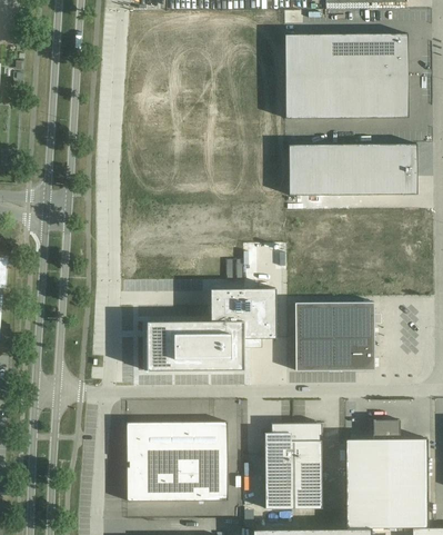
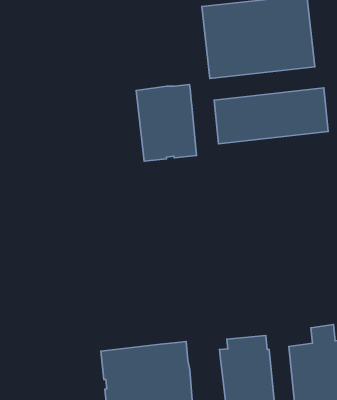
building: none -> [136,84,197,161]
building: [147,288,276,370] -> none
building: [294,303,374,370] -> none

